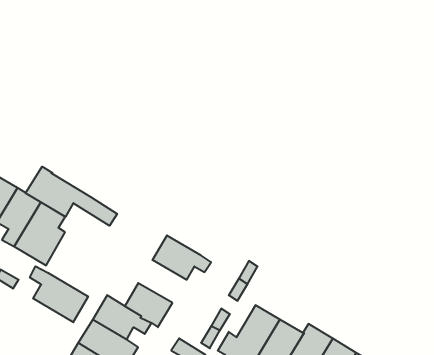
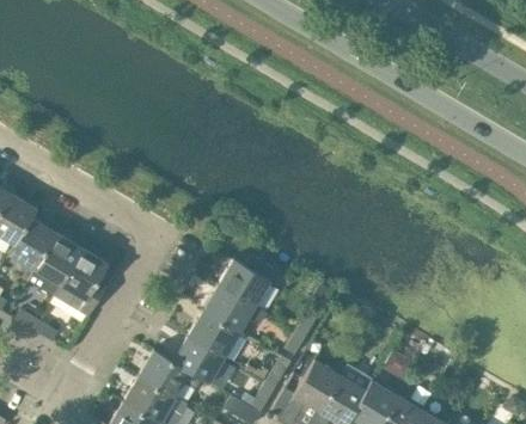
building: [26,167,117,226] -> none
building: none -> [219,258,271,306]
building: none -> [188,311,240,357]
building: [30,266,88,322] -> none

